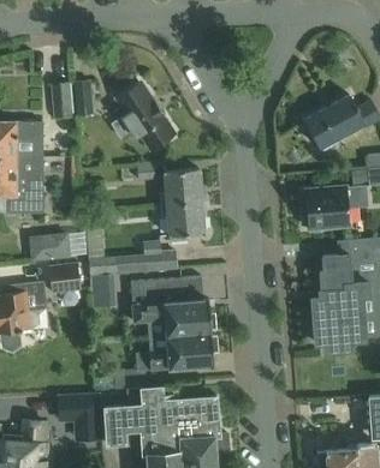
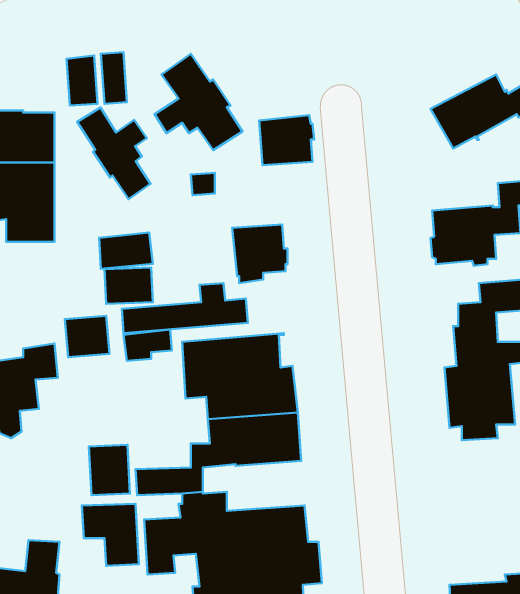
building: none -> [77,107,151,199]
building: [164,168,202,203] -> [259,115,314,165]
building: [31,235,69,260] -> [99,233,153,269]
building: none -> [89,445,130,495]

